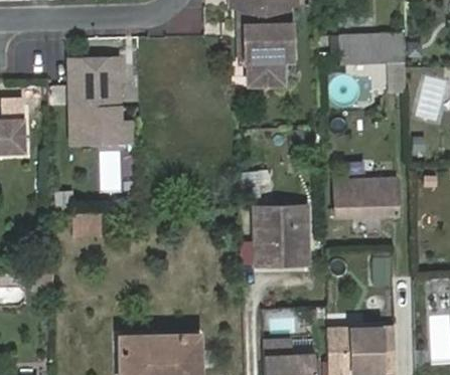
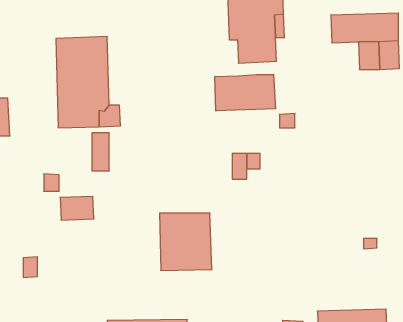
building: none -> [215,74,275,111]
building: [335,178,397,216] -> none
building: [257,207,308,263] -> [160,213,212,270]

